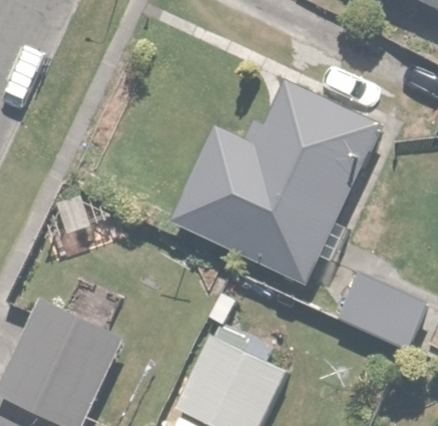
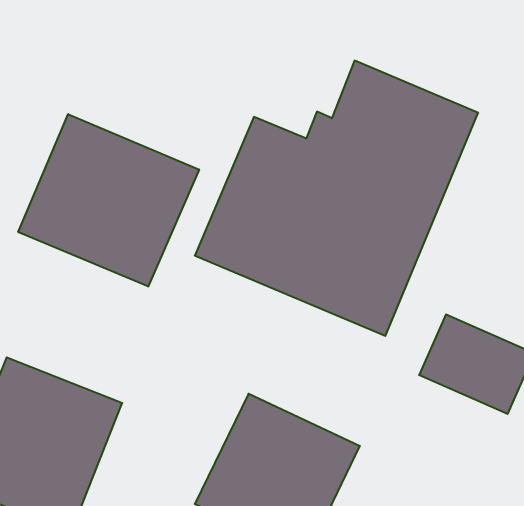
building: none -> [18,114,199,287]

